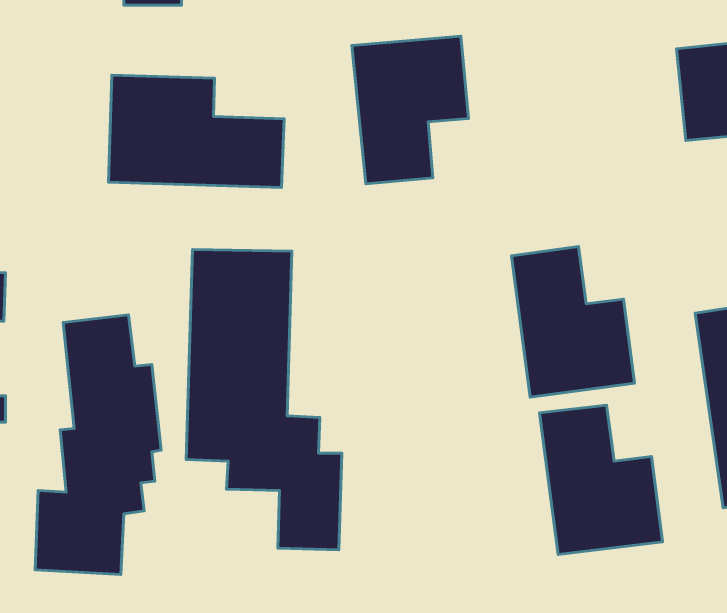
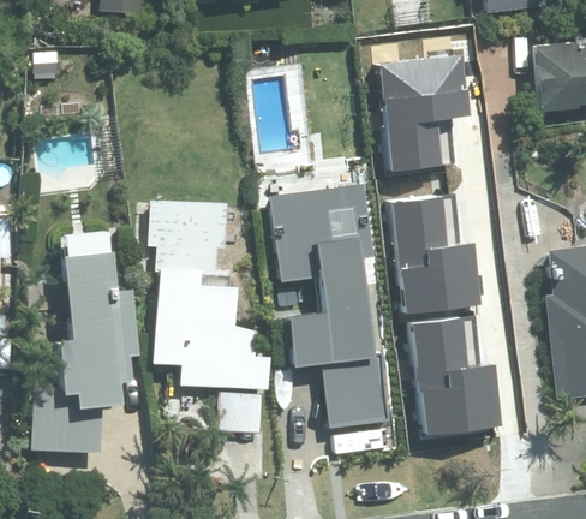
building: [352,36,469,184] -> [388,54,478,168]
building: [108,75,284,187] -> none
building: none -> [267,184,385,426]

